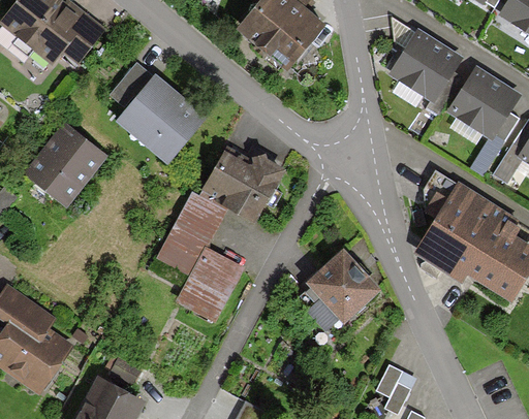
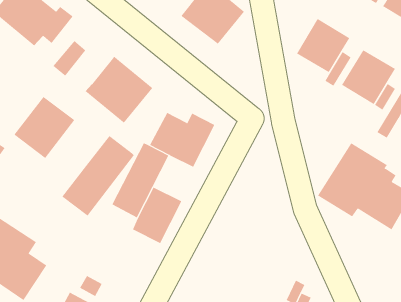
building: [110,66,153,112] -> [53,40,86,76]
building: none -> [61,135,135,216]
building: [299,251,380,333] -> none

